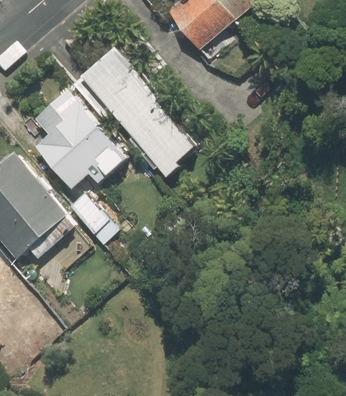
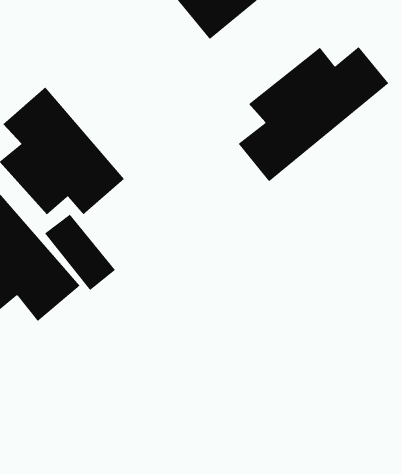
building: [70,46,198,177] -> none
building: none -> [238,46,389,182]

